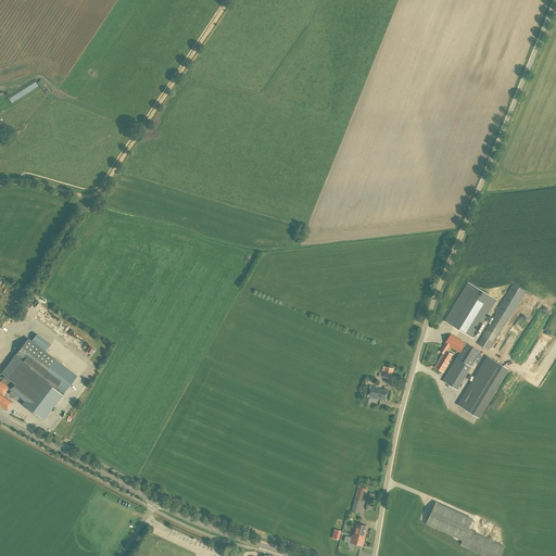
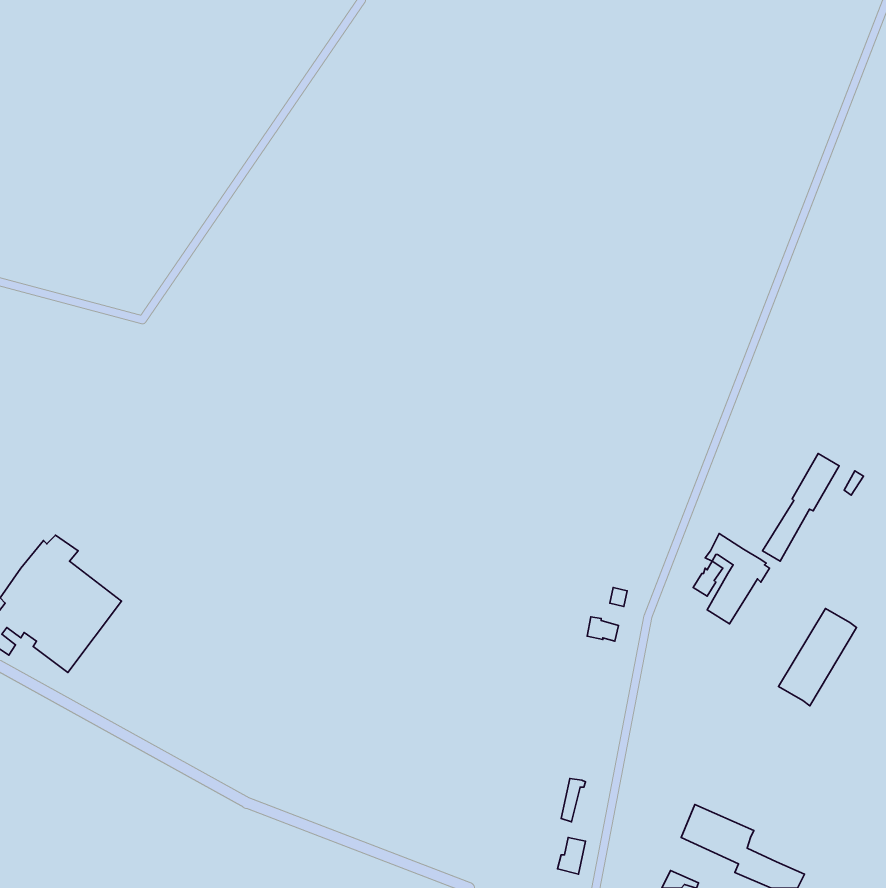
building: [443,282,495,338] -> none
building: [457,356,506,417] -> [778,608,857,706]

